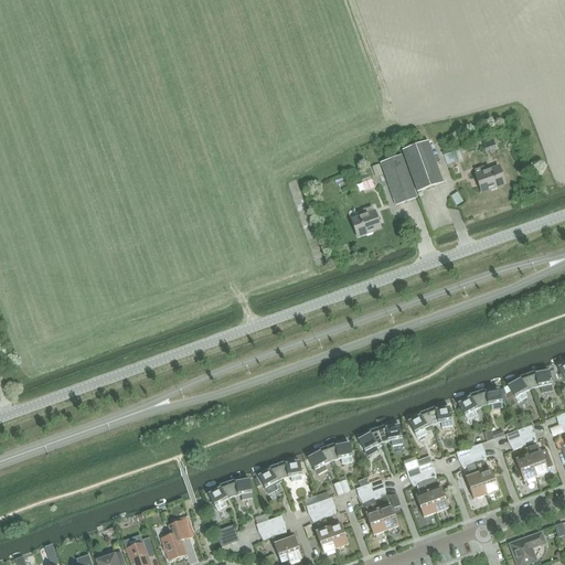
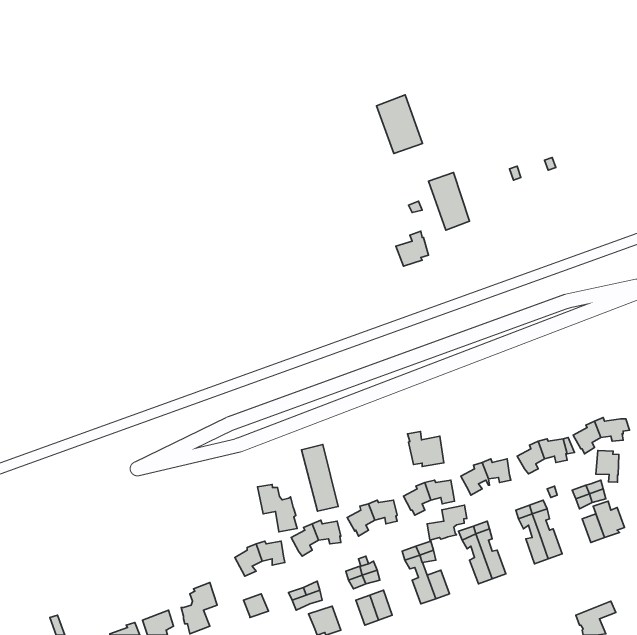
building: [401,138,441,190] -> [376,95,423,153]
building: [475,163,504,188] -> none
building: none -> [408,431,444,467]
building: none -> [302,444,338,511]
building: none -> [596,450,619,482]
building: none -> [258,484,297,532]
building: none -> [427,505,467,540]

